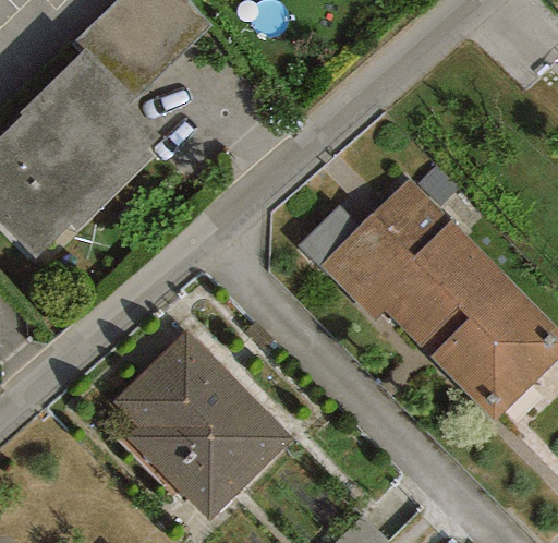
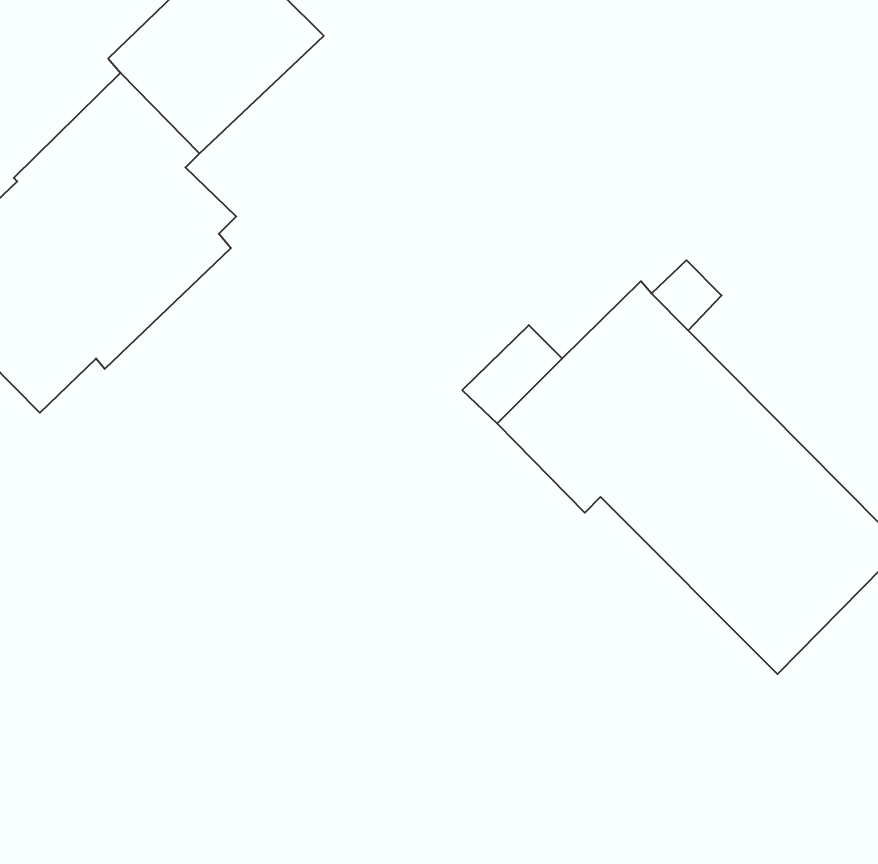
building: [110,328,292,519] -> none

